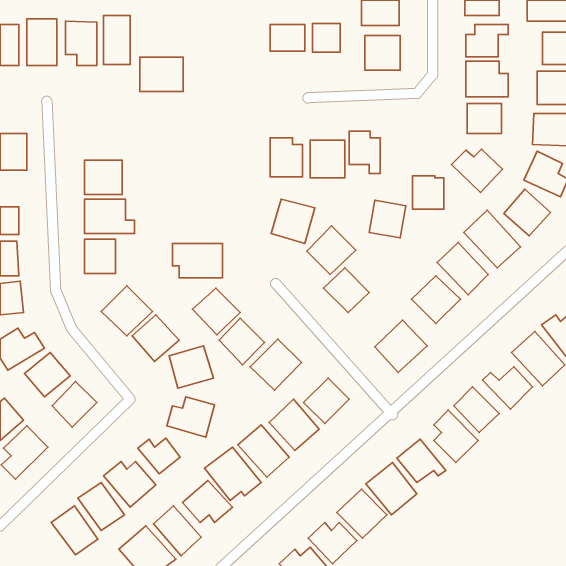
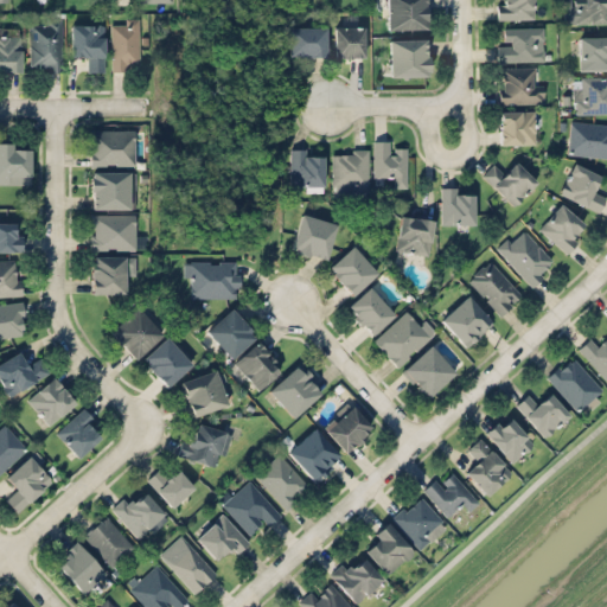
building: [140,57,183,92] -> [90,130,136,167]
building: none -> [375,309,434,369]

